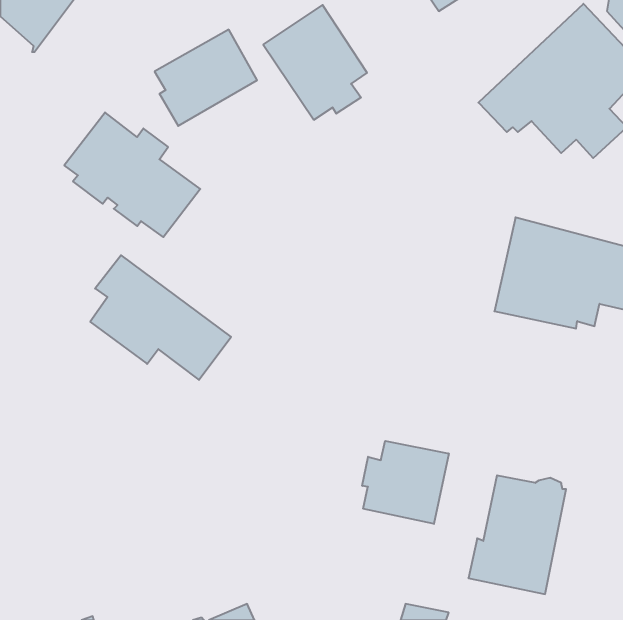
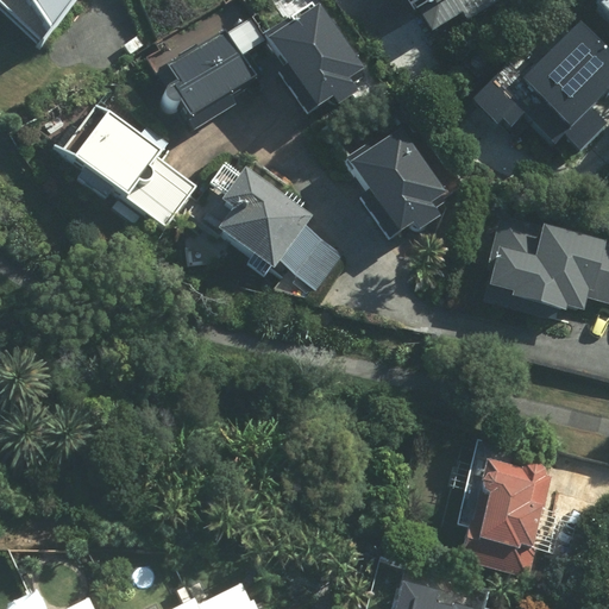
building: none -> [343,128,442,239]
building: [90,255,231,380] -> [213,170,349,290]
building: [362,441,449,524] -> none

